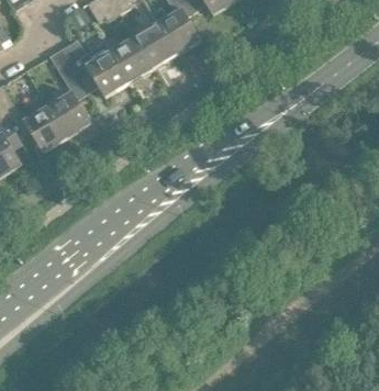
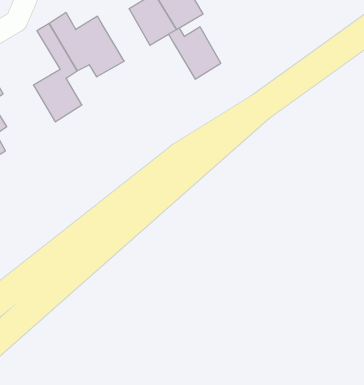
building: [104,36,152,83] -> [169,27,221,79]
building: [22,105,66,153] -> none

